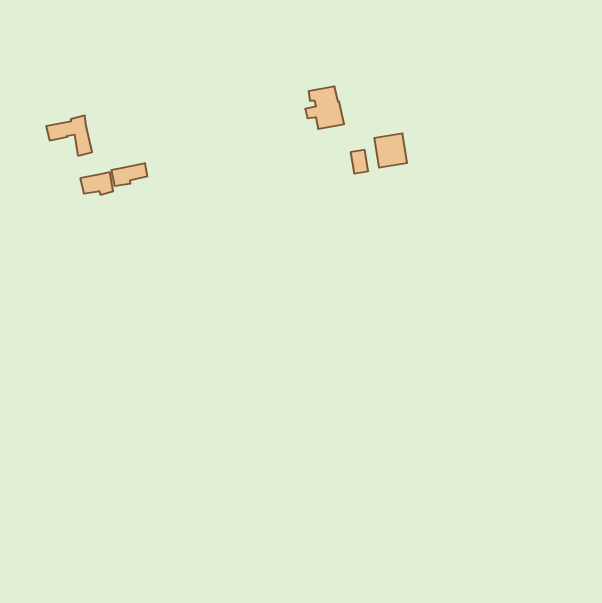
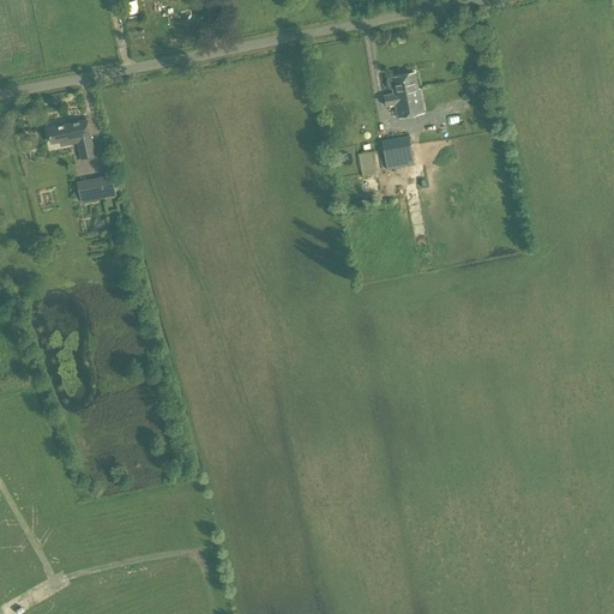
building: [305,86,344,129] -> [384,73,423,116]
building: [111,163,147,186] -> none

